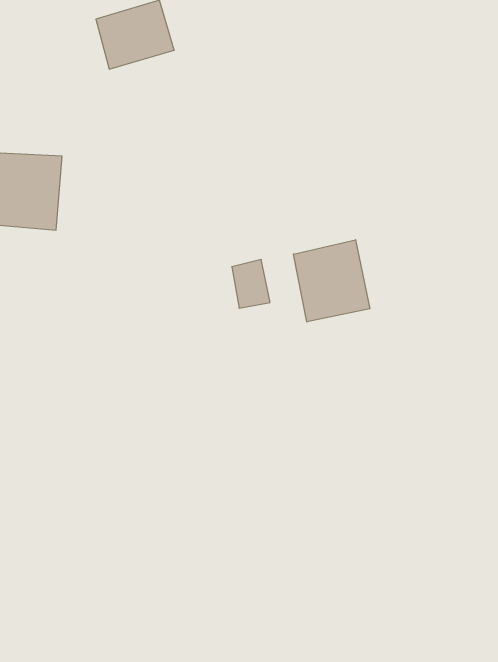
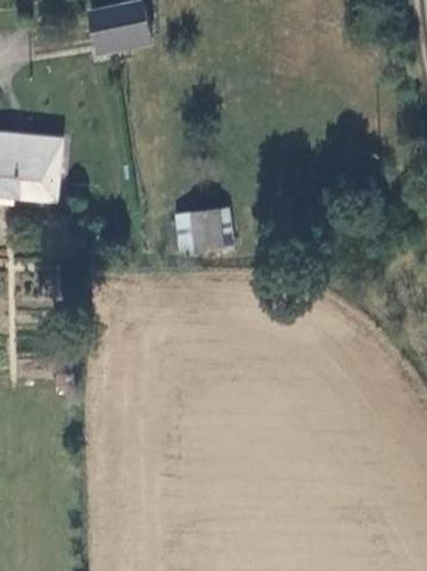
building: [293,240,370,322] -> none

